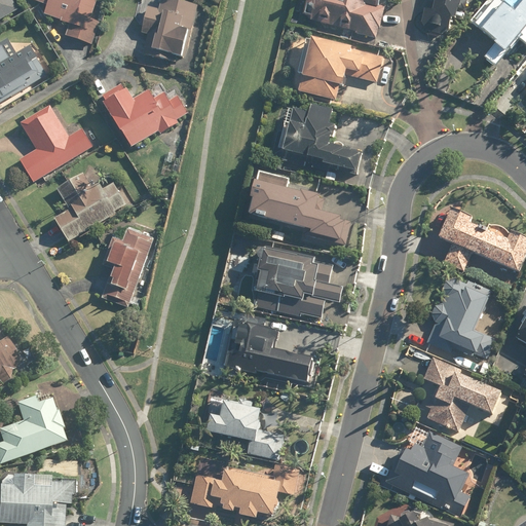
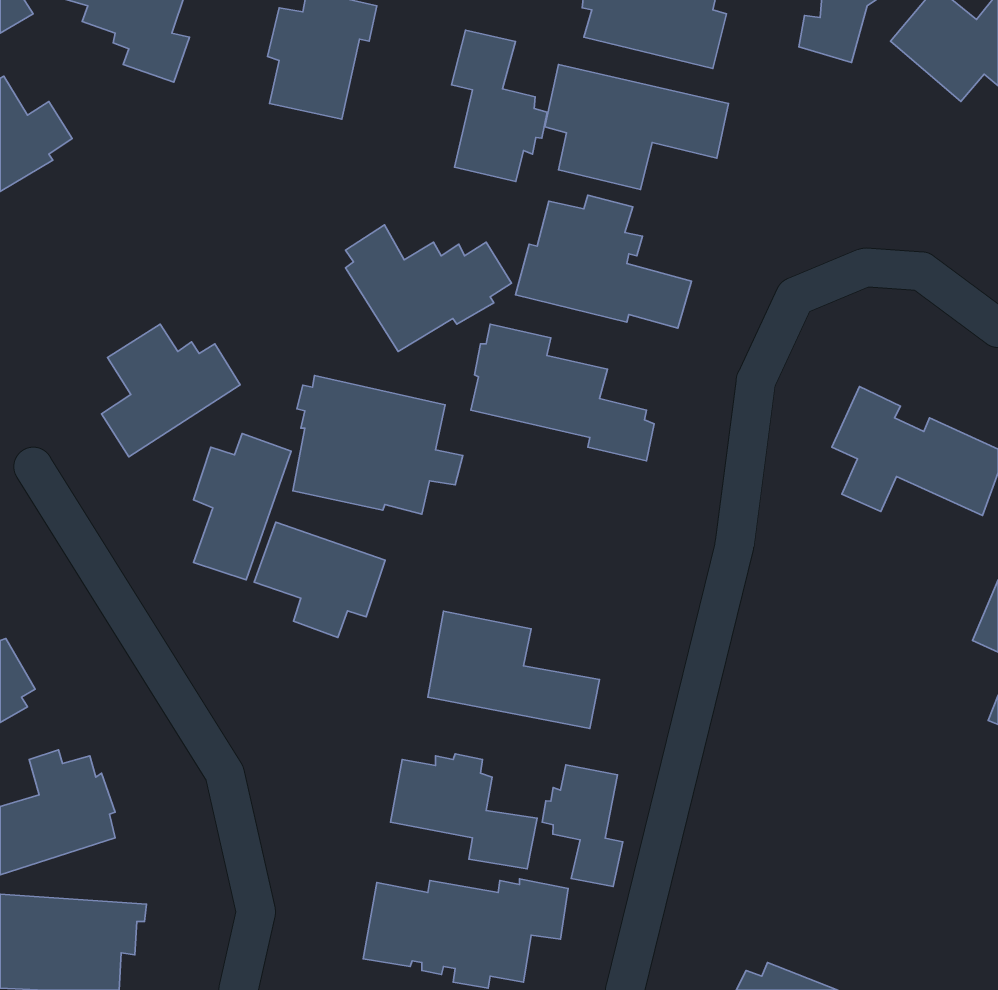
building: none -> [451,30,547,182]
building: [102,80,189,147] -> [346,225,512,352]
building: [20,104,93,181] -> none
building: [254,245,343,317] -> [293,376,463,514]
building: [424,273,490,354] -> none
building: none -> [254,522,385,638]
building: [422,353,499,429] -> none
building: none -> [542,765,623,887]
building: [388,429,473,515] -> none

